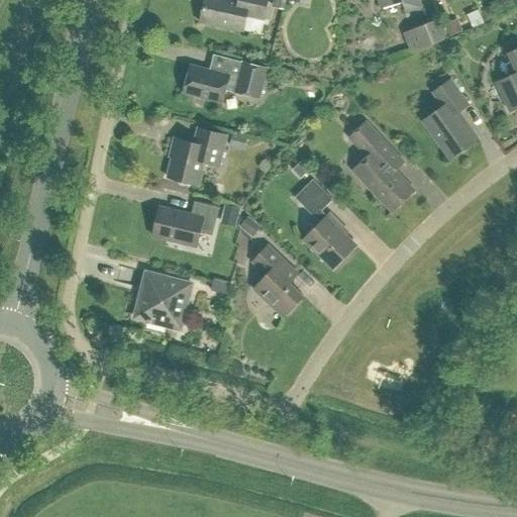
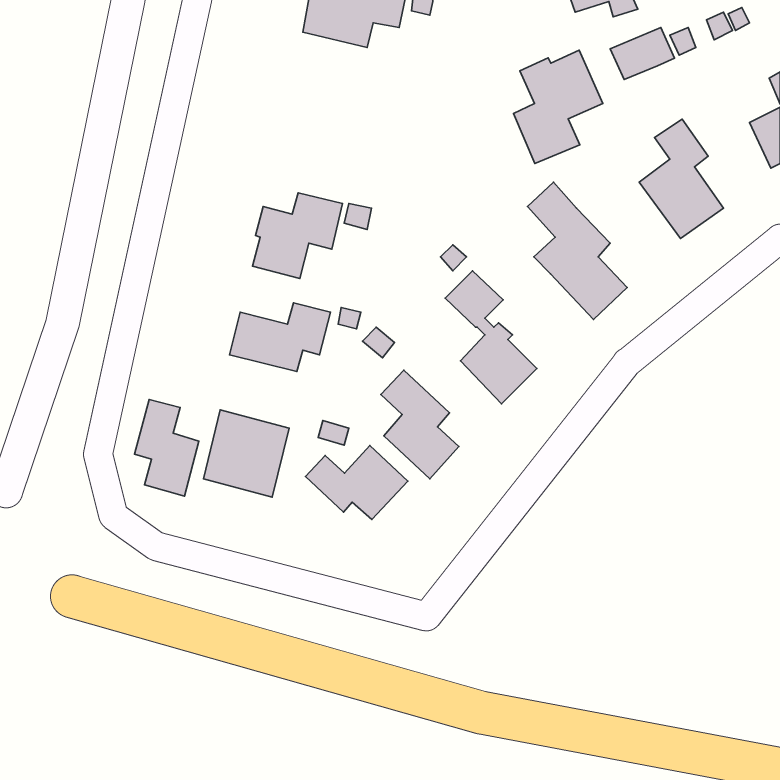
building: none -> [514,50,603,163]
building: [183,58,269,102] -> none
building: none -> [134,399,199,496]
building: none -> [305,446,408,520]

